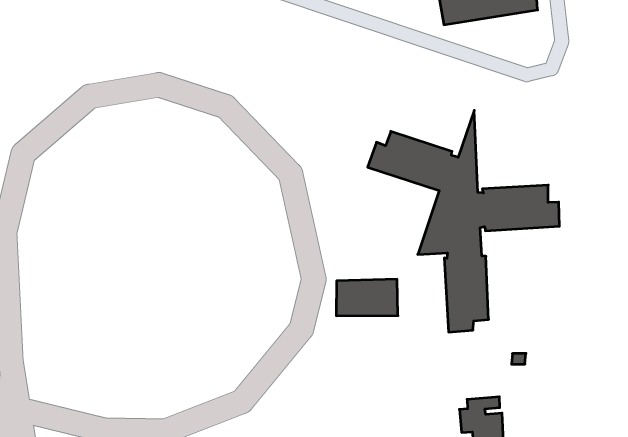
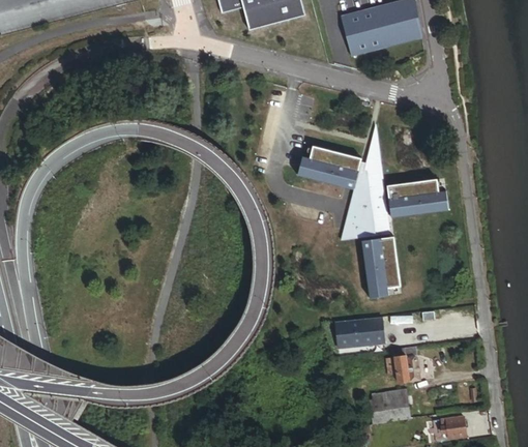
building: [336,279,398,316] -> [334,315,384,347]

